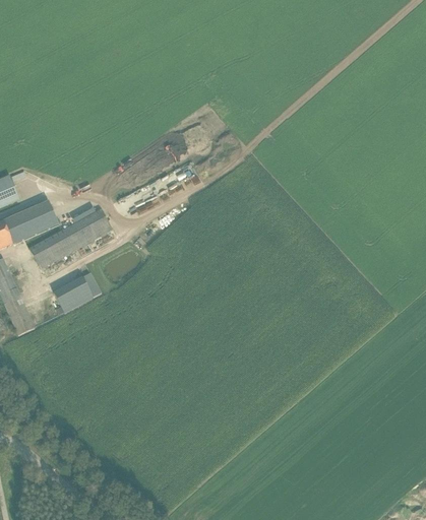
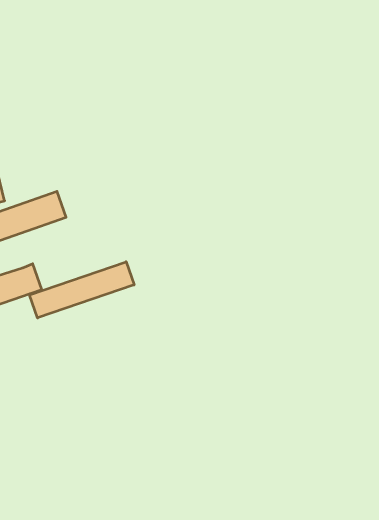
building: none -> [30,262,134,318]

